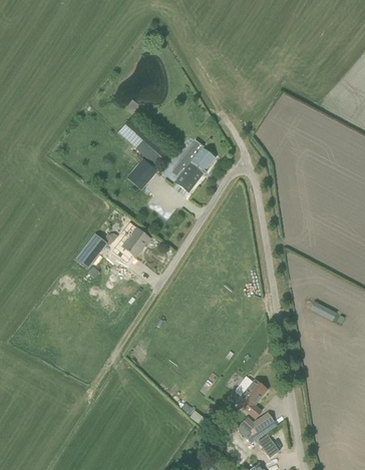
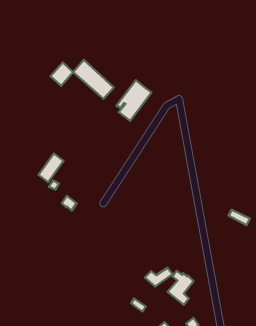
building: [128,161,156,190] -> [51,62,73,86]
building: [122,228,149,257] -> none
building: [239,413,273,436] -> [145,268,172,286]

